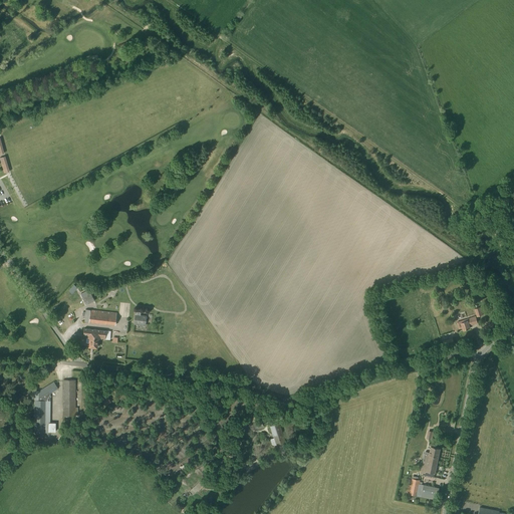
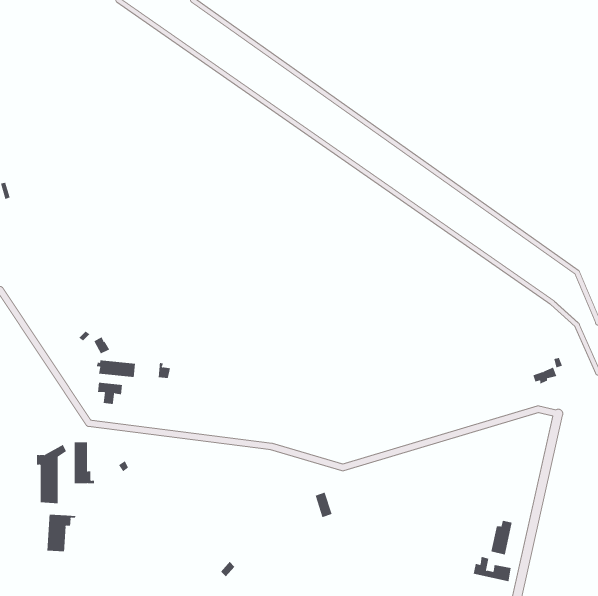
building: none -> [47,514,76,552]

